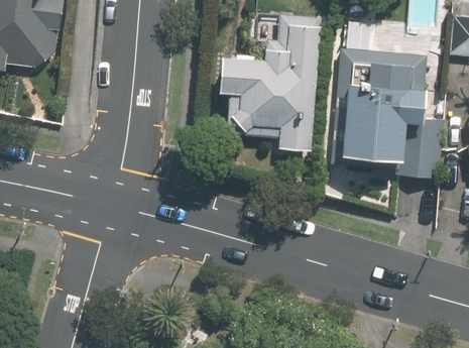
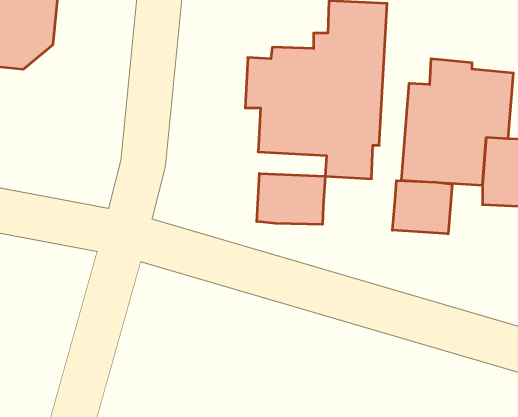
building: none -> [257,173,325,224]
building: none -> [392,181,452,234]

